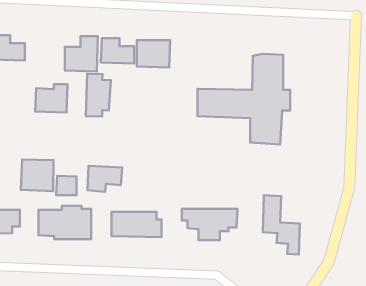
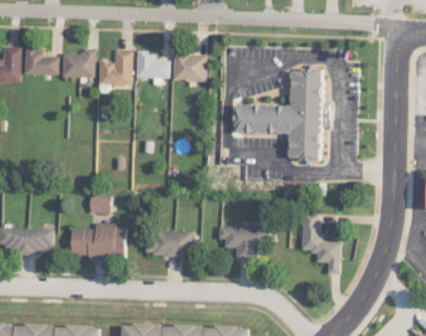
building: [86,74,111,117] -> none
building: [35,84,67,113] -> [62,49,95,78]
building: [21,160,54,191] -> none
building: [87,166,122,192] -> none

